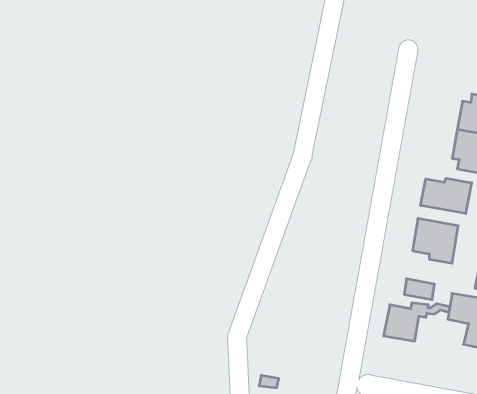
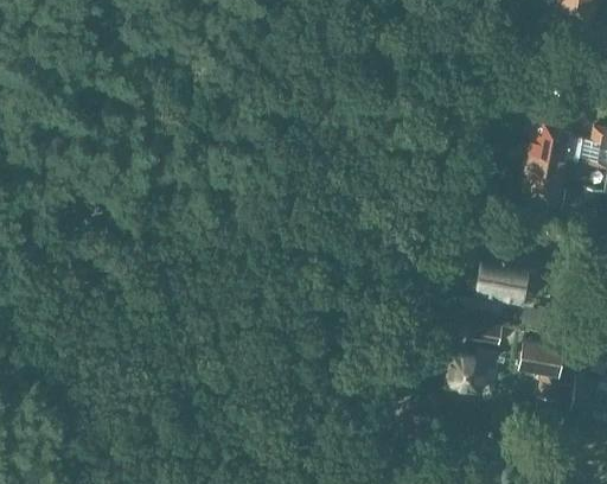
building: [421,178,472,214] -> none

